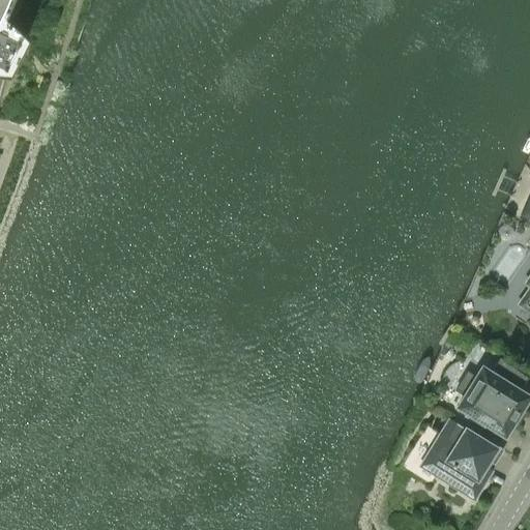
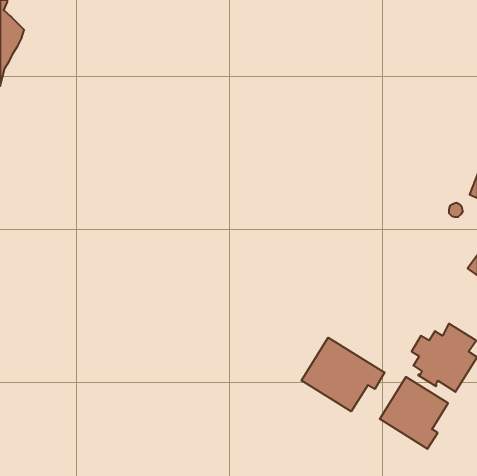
building: none -> [301,338,385,411]

